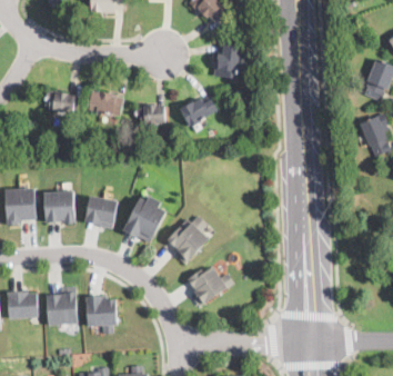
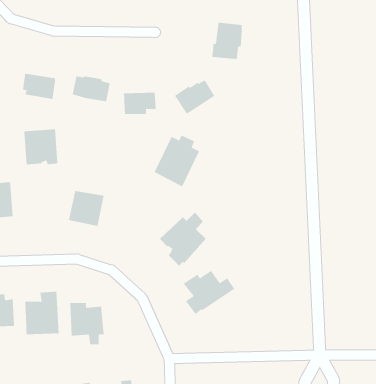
building: [44,189,75,221] -> [23,129,58,165]
building: [124,195,165,241] -> [154,135,200,187]

